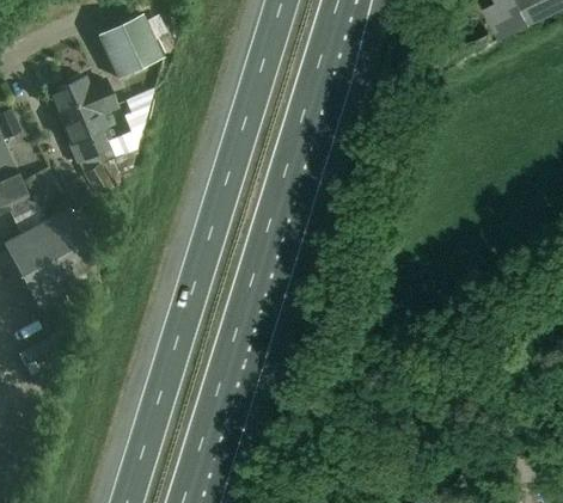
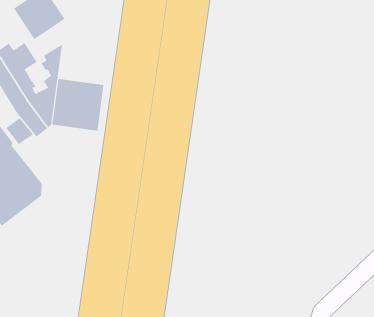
building: none -> [52,78,104,131]

